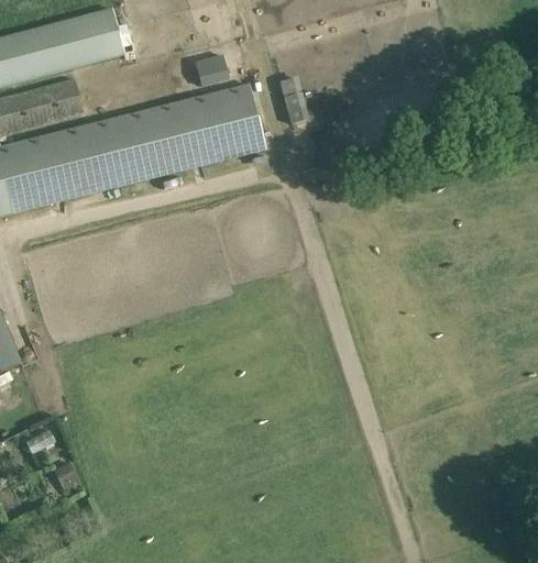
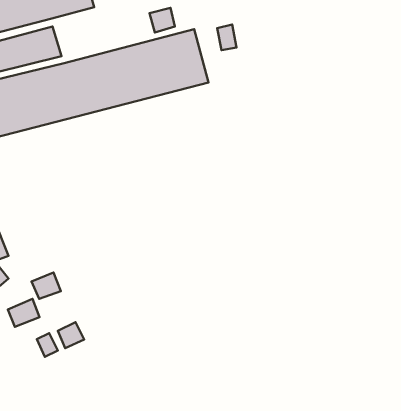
building: none -> [32,273,61,299]
building: none -> [58,322,84,348]

